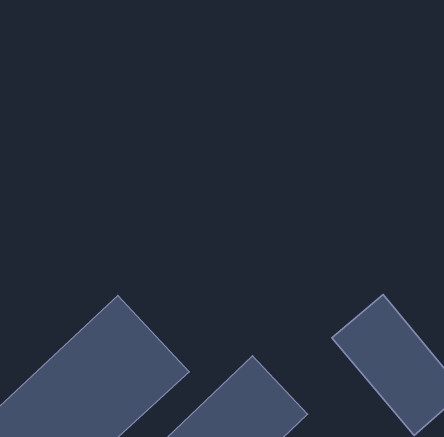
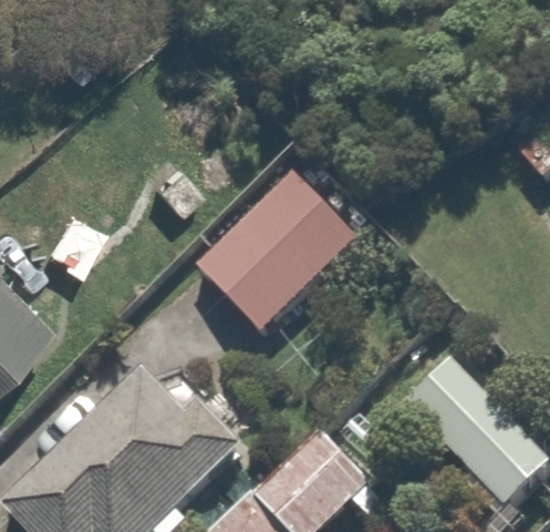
building: none -> [184,166,354,337]

